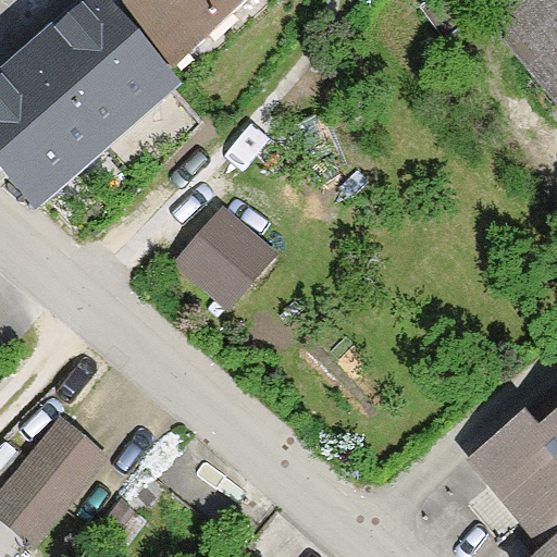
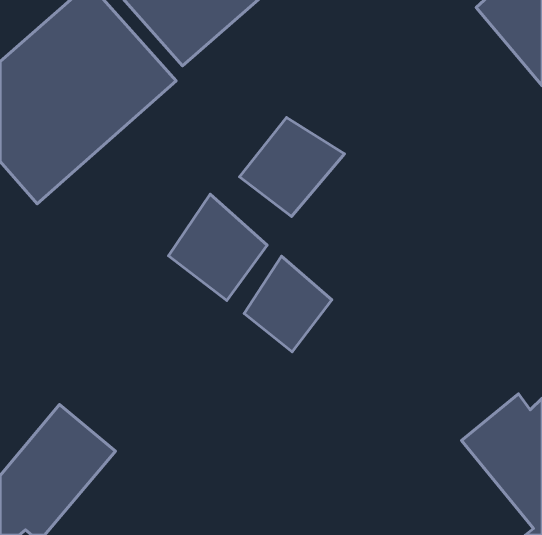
building: none -> [240,117,344,216]
building: none -> [244,256,332,352]

